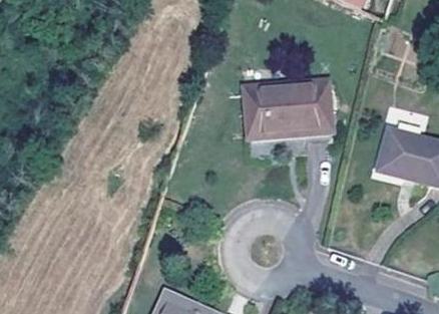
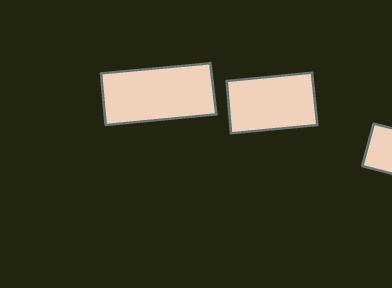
building: none -> [101,63,216,125]

